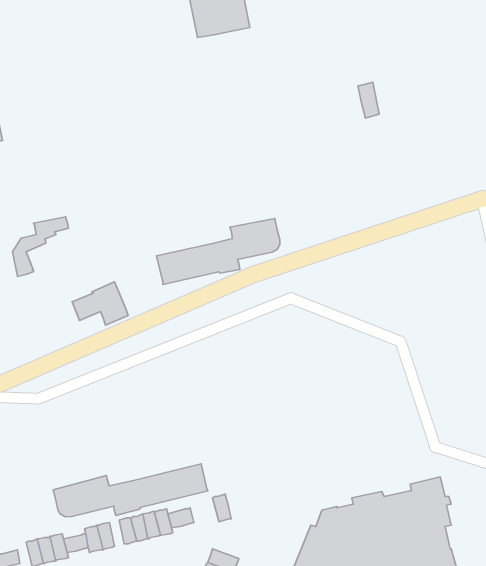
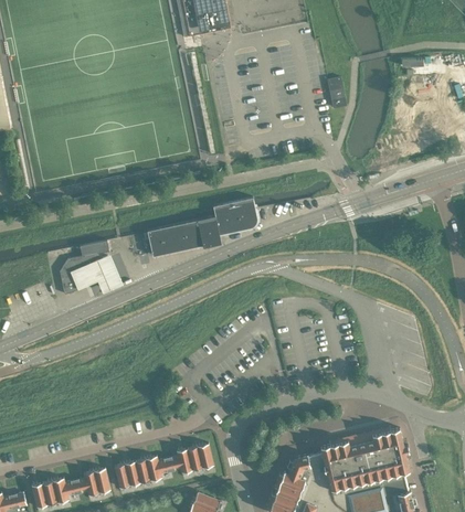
building: [12,217,68,277] -> [61,242,110,295]
building: [53,464,208,517] -> none
building: none -> [177,447,203,473]

